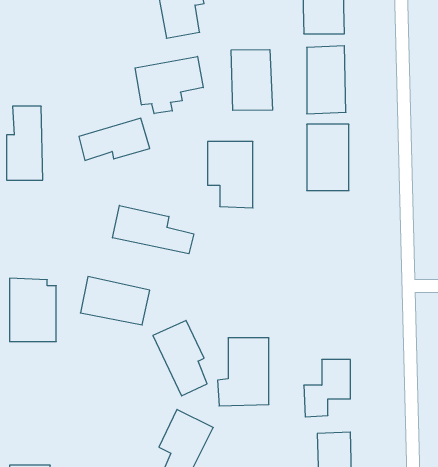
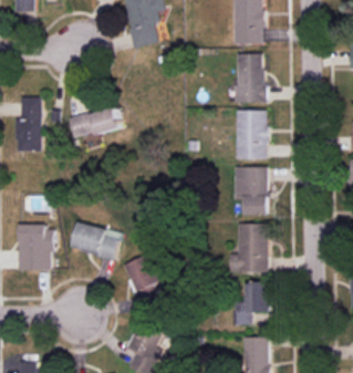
building: [231,50,273,110] -> none
building: [135,56,203,114] -> none
building: [208,142,253,208] -> [233,167,267,216]
building: [113,205,194,254] -> none
building: [218,338,269,406] -> [229,224,267,273]

